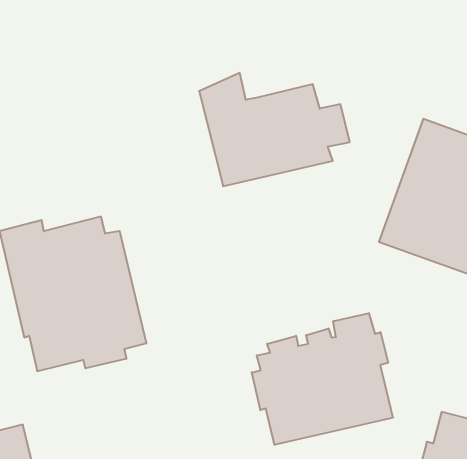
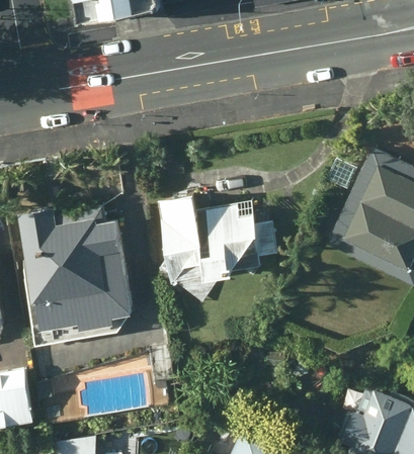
building: [199,73,350,186] -> [157,190,276,281]
building: [252,313,393,445] -> none

